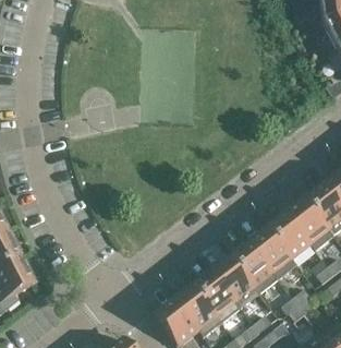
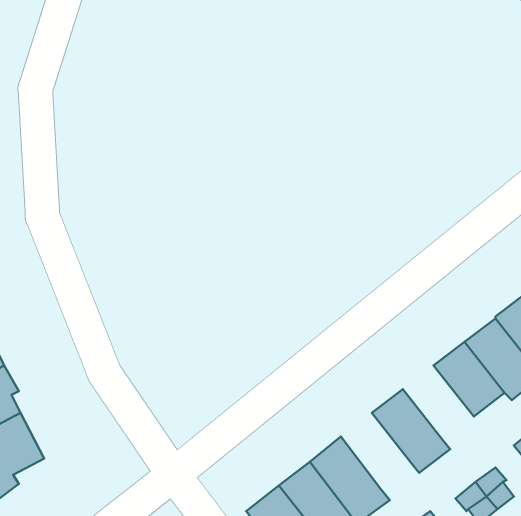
building: [248,228,295,278] -> none
building: [211,256,254,302] -> none

